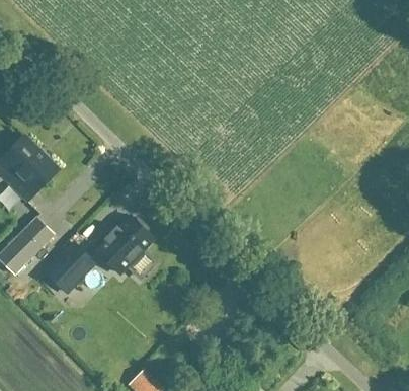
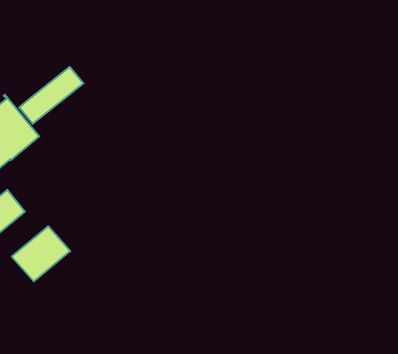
building: none -> [19,67,84,124]
building: [95,216,153,273] -> none

